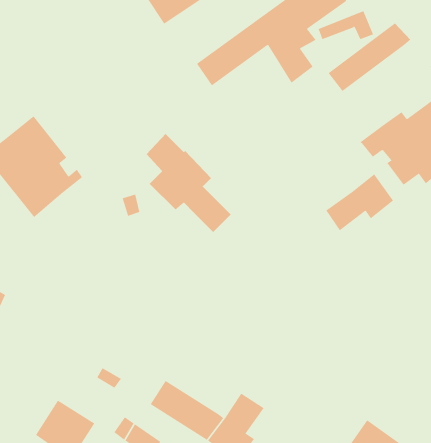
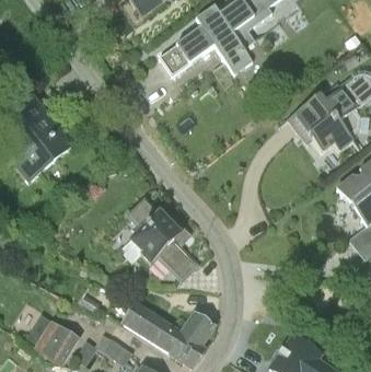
building: [328,23,411,92] -> none
building: [146,133,231,233] -> [129,199,196,277]
building: [325,174,394,231] -> none

